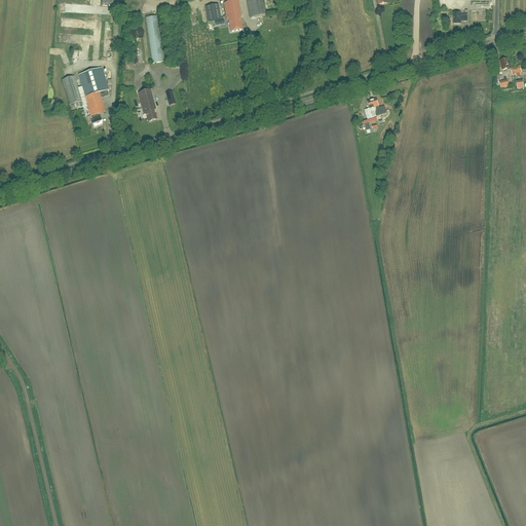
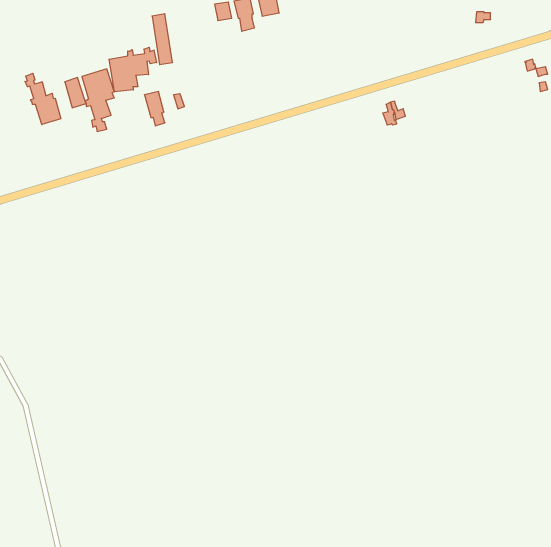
building: none -> [109,47,156,92]
building: none -> [25,73,61,125]

